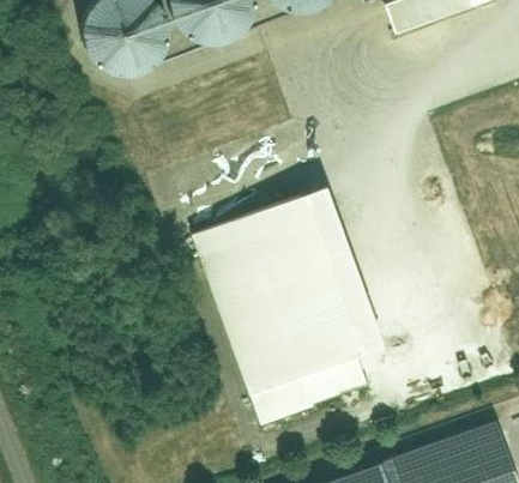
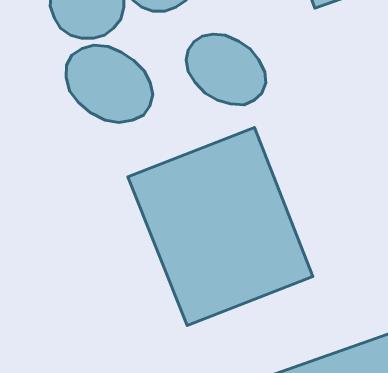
building: none -> [186,34,266,105]
building: none -> [66,45,153,122]

